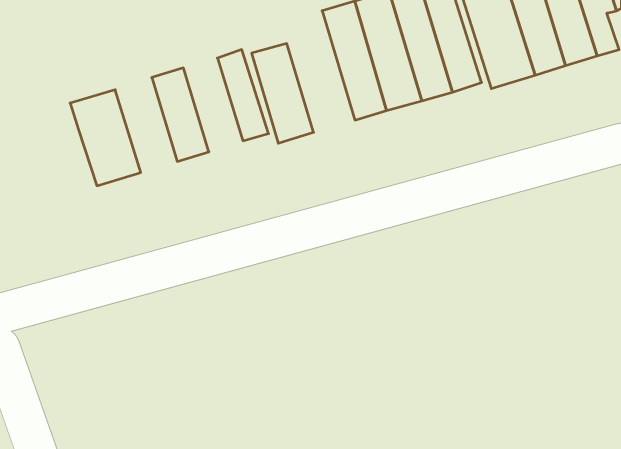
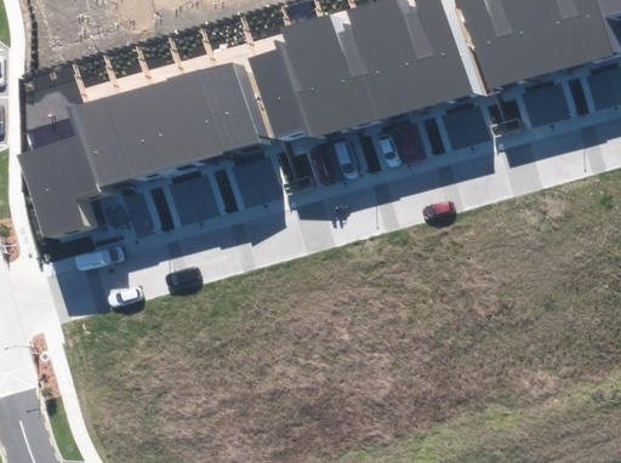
building: none -> [280,17,354,138]
building: none -> [183,64,243,158]
building: none -> [115,84,177,178]
building: none -> [18,136,101,250]

